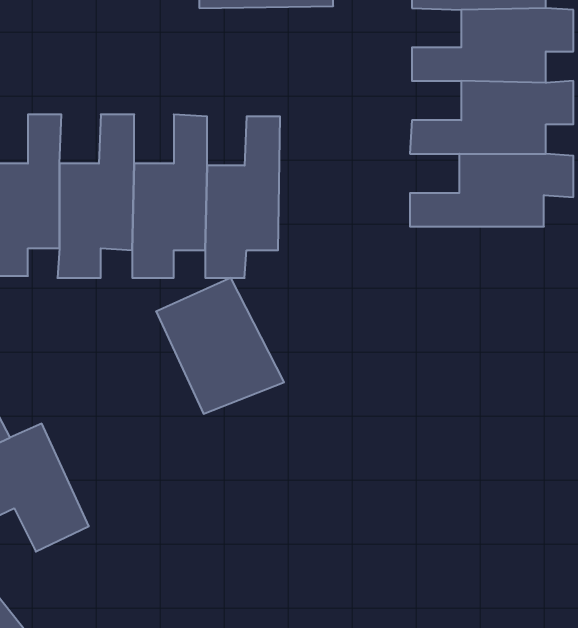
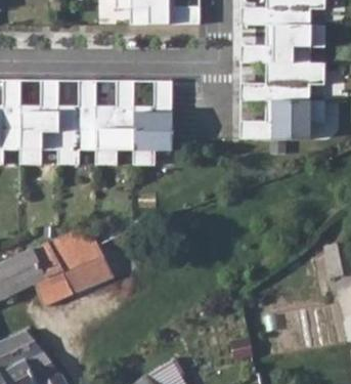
building: [156,278,284,414] -> [48,223,115,294]

